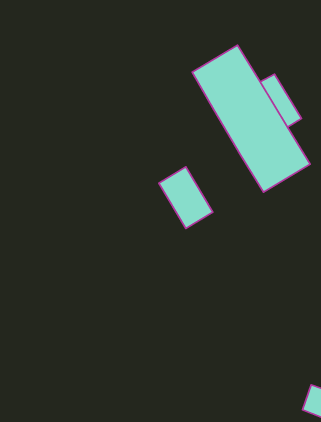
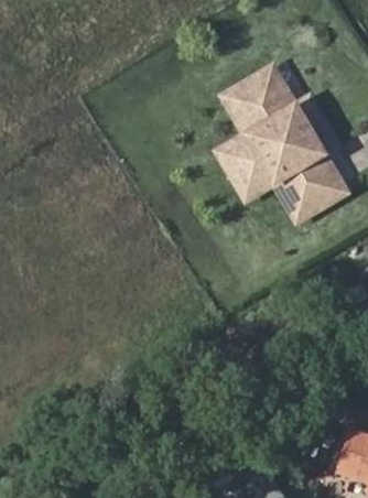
building: [159,167,213,229] -> [220,139,275,202]

